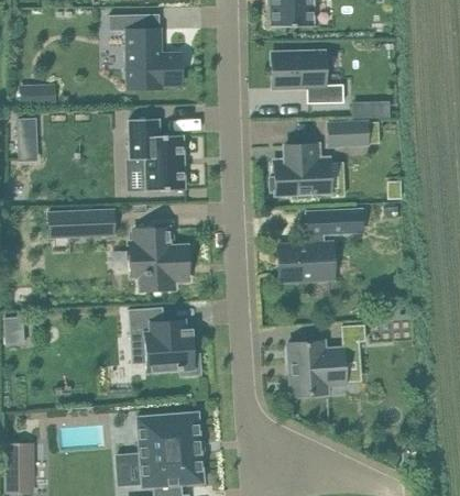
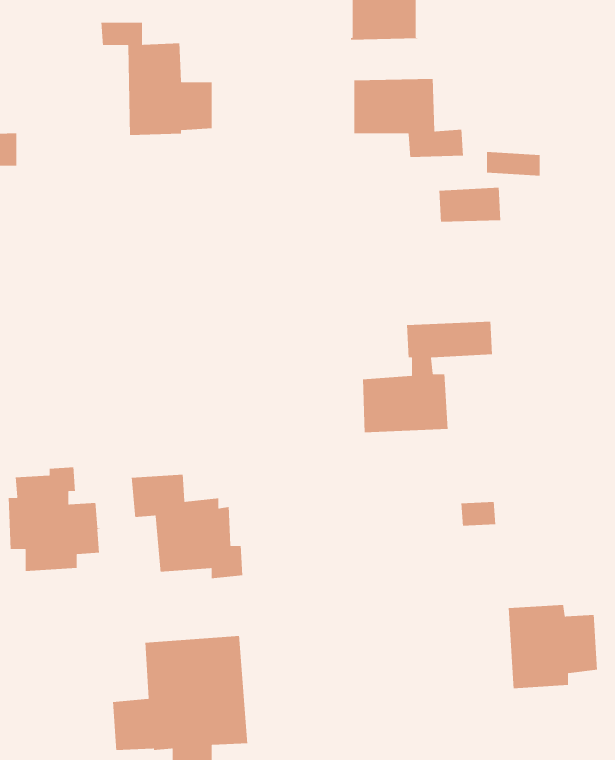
building: [129,119,185,190] -> none
building: [270,144,330,198] -> none
building: [61,210,106,236] -> none
building: [130,222,190,290] -> [8,466,101,572]
building: [287,341,346,396] -> [508,604,598,689]

